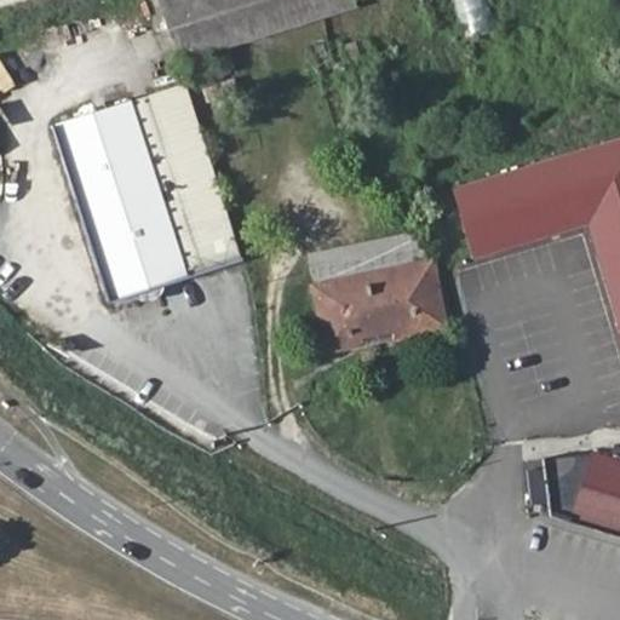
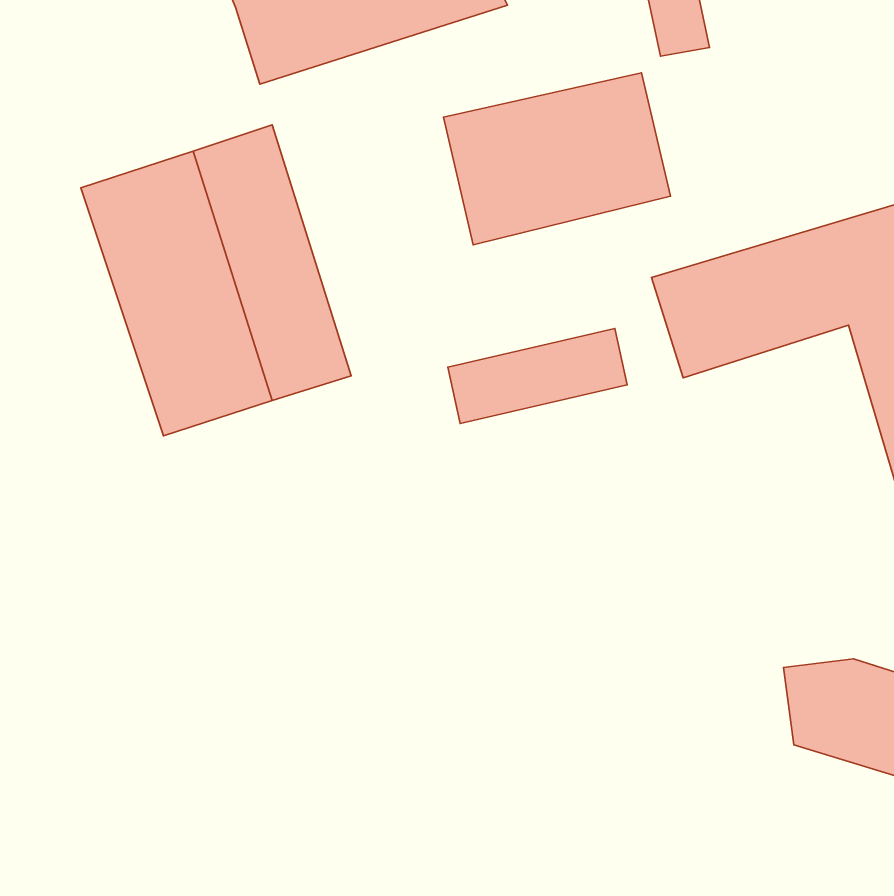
building: none -> [443,73,670,245]
building: [320,265,448,351] -> none

